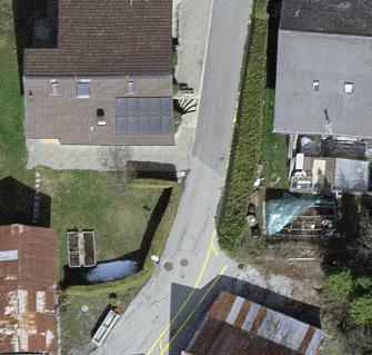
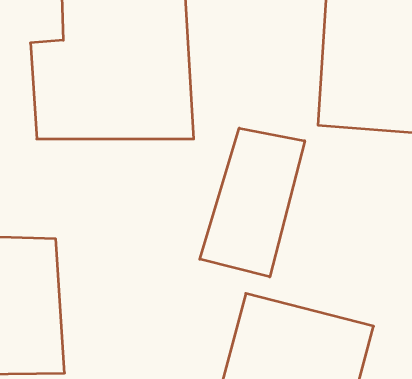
building: none -> [200,128,305,277]

